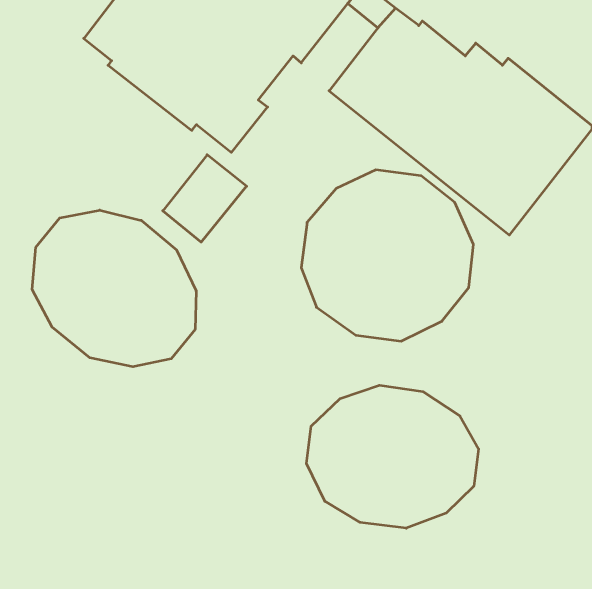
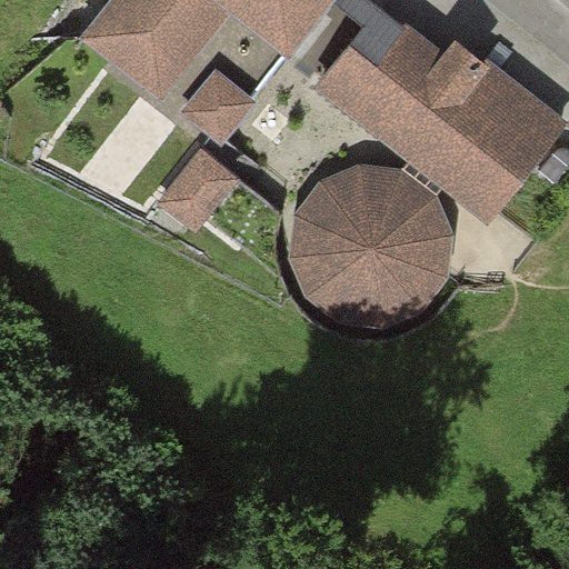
building: [32,210,196,367] -> none
building: [306,385,479,528] -> none

